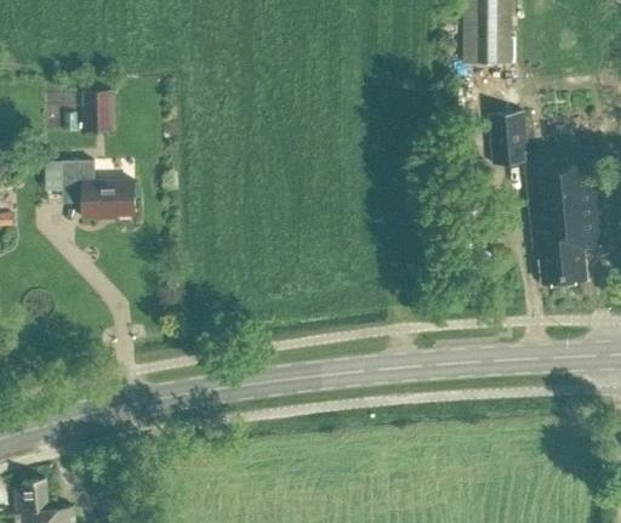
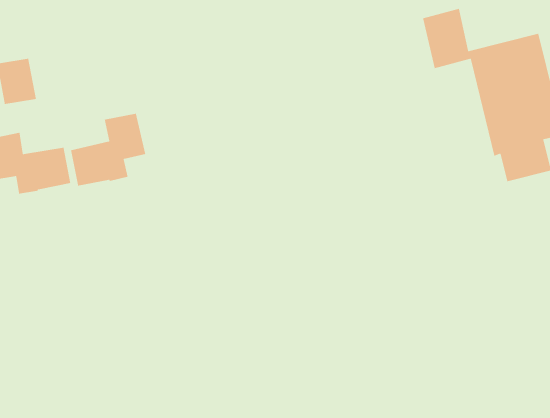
building: none -> [70,113,146,187]

